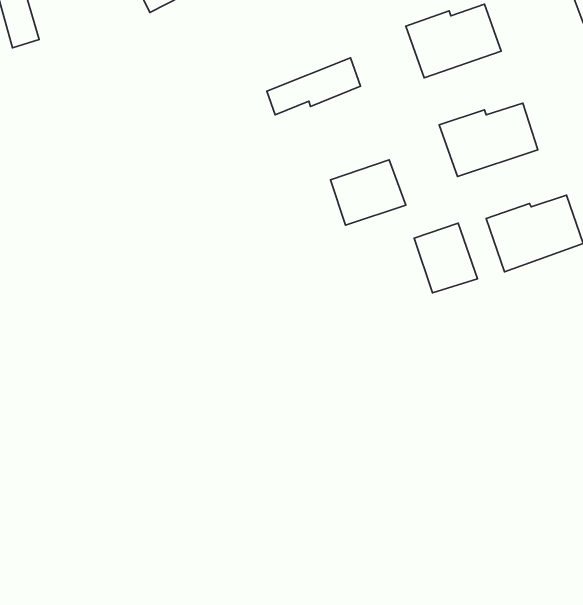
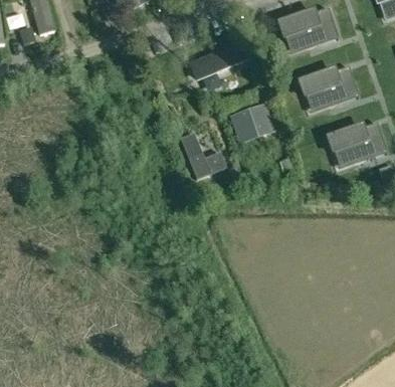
building: none -> [181,131,227,178]
building: [414,223,477,293] -> none

